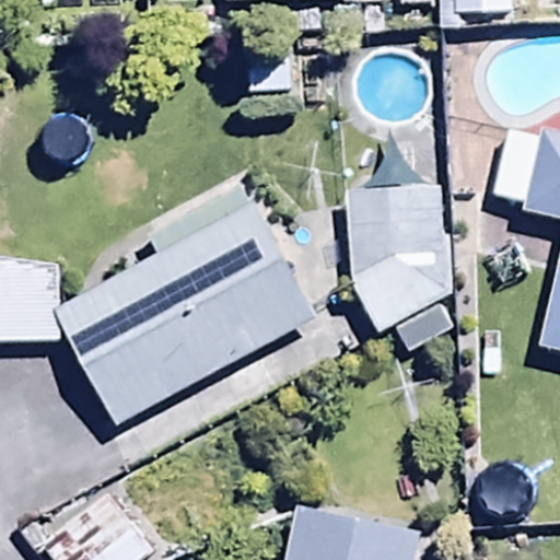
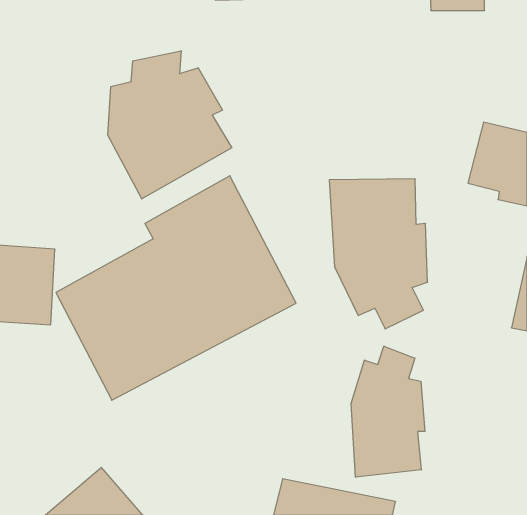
building: none -> [108,51,232,199]
building: none -> [351,346,425,477]

